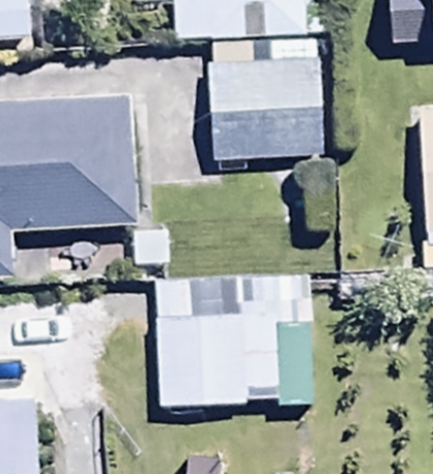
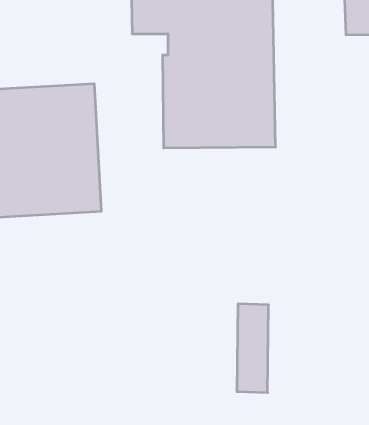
building: [158,278,246,409] -> none

